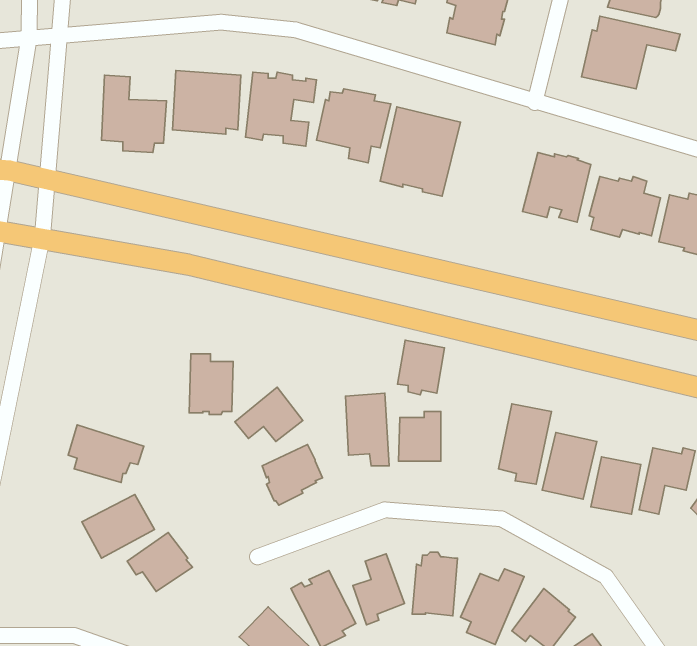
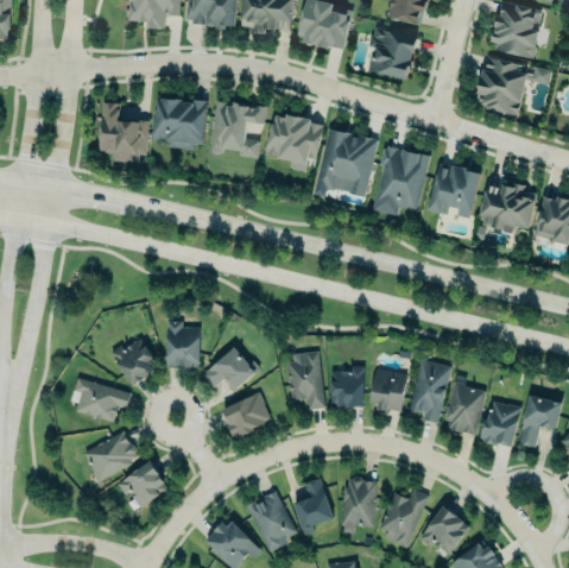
building: none -> [372,146,430,215]
building: [398,340,444,395] -> [369,368,406,411]
building: none -> [110,336,160,386]

